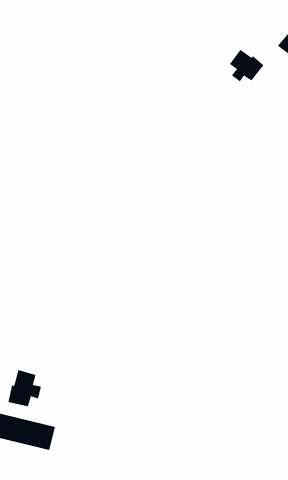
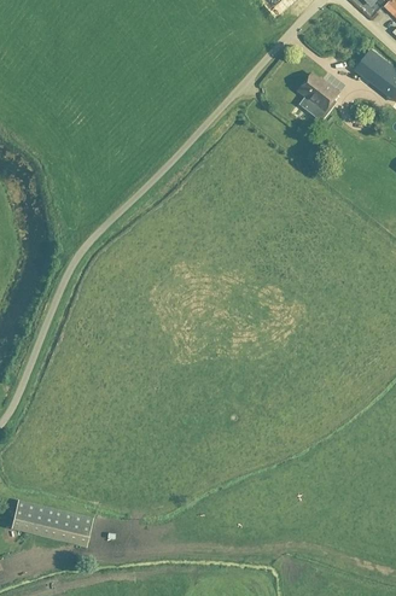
building: [7,369,42,407] -> none

